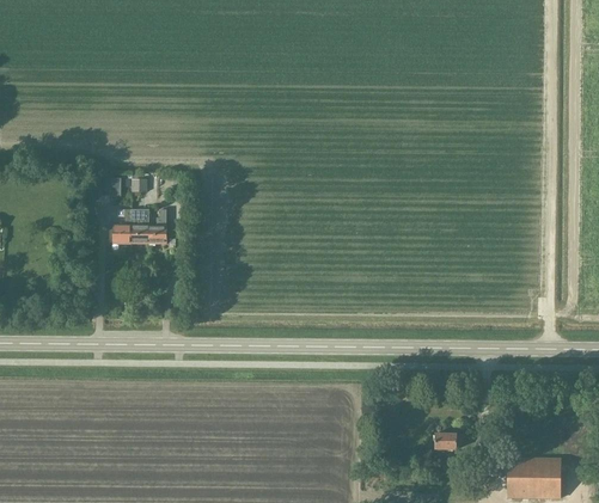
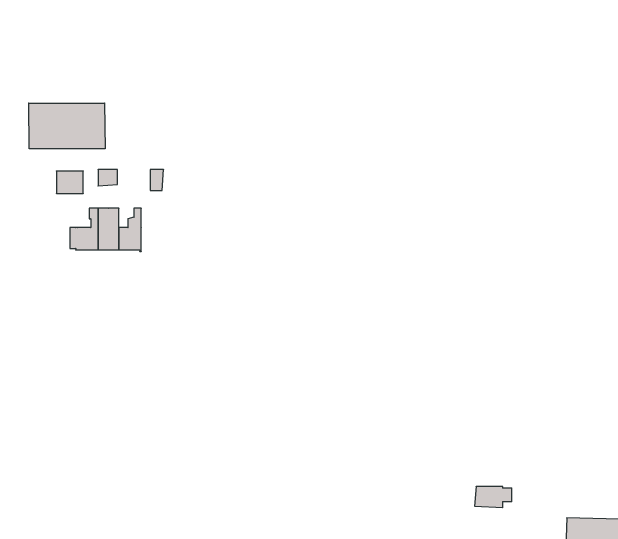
building: none -> [29,103,105,149]

